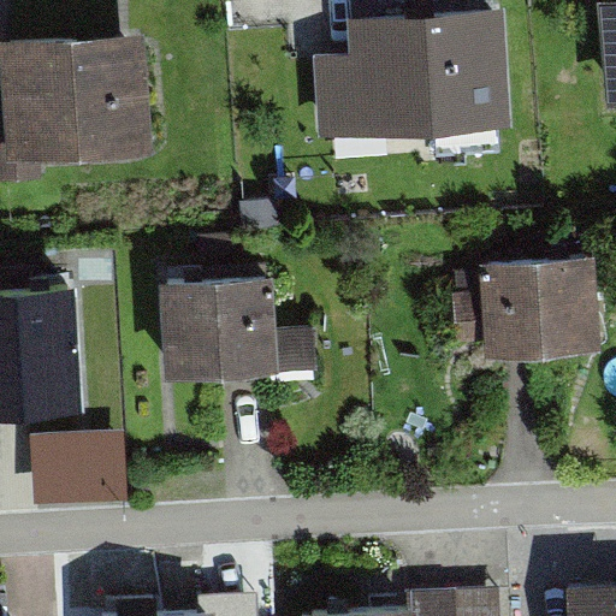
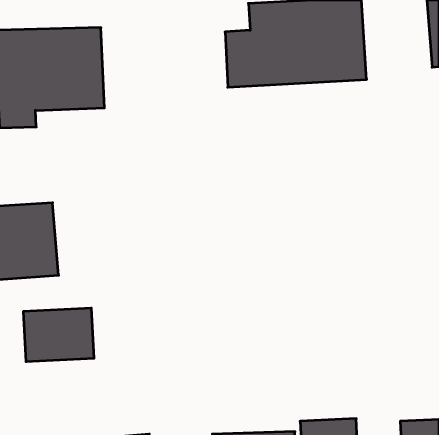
building: [482,250,600,351] -> none
building: [154,278,274,384] -> none

